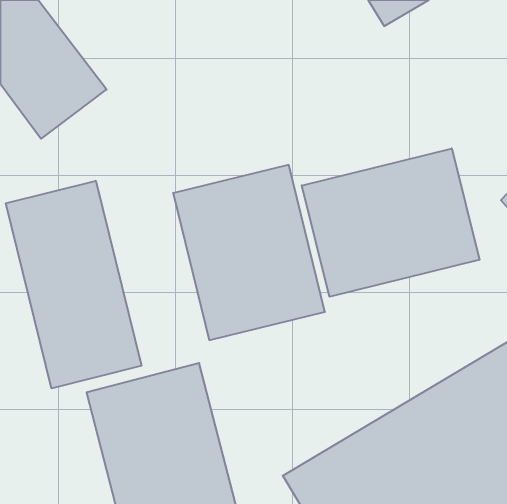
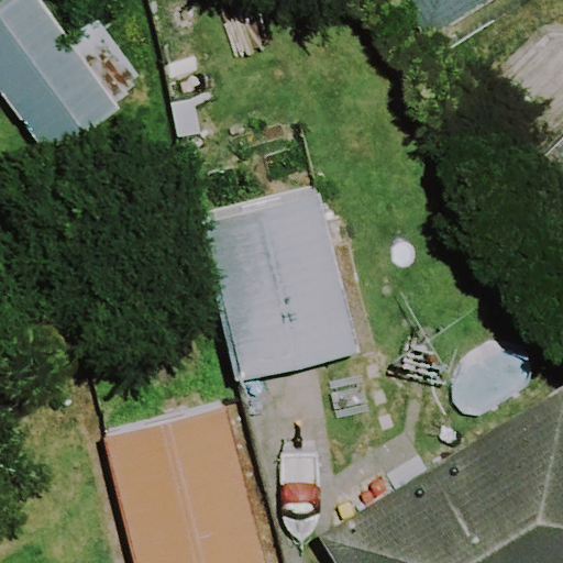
building: [302,148,480,297] -> none
building: [6,181,141,388] -> none

